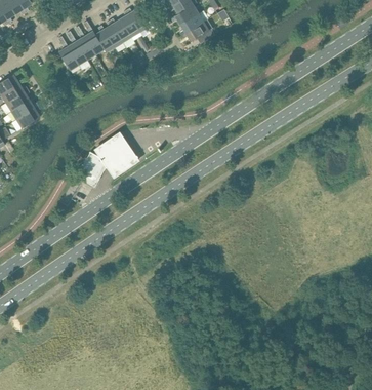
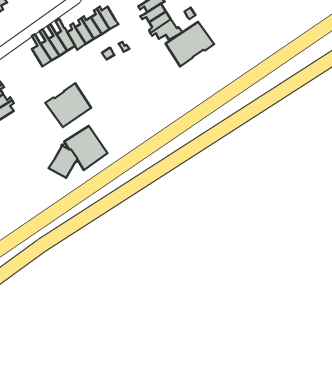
building: none -> [165,22,214,67]
building: none -> [45,83,91,127]

